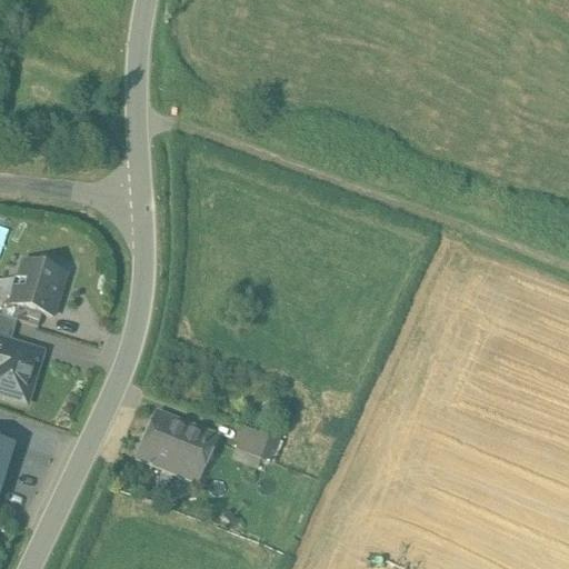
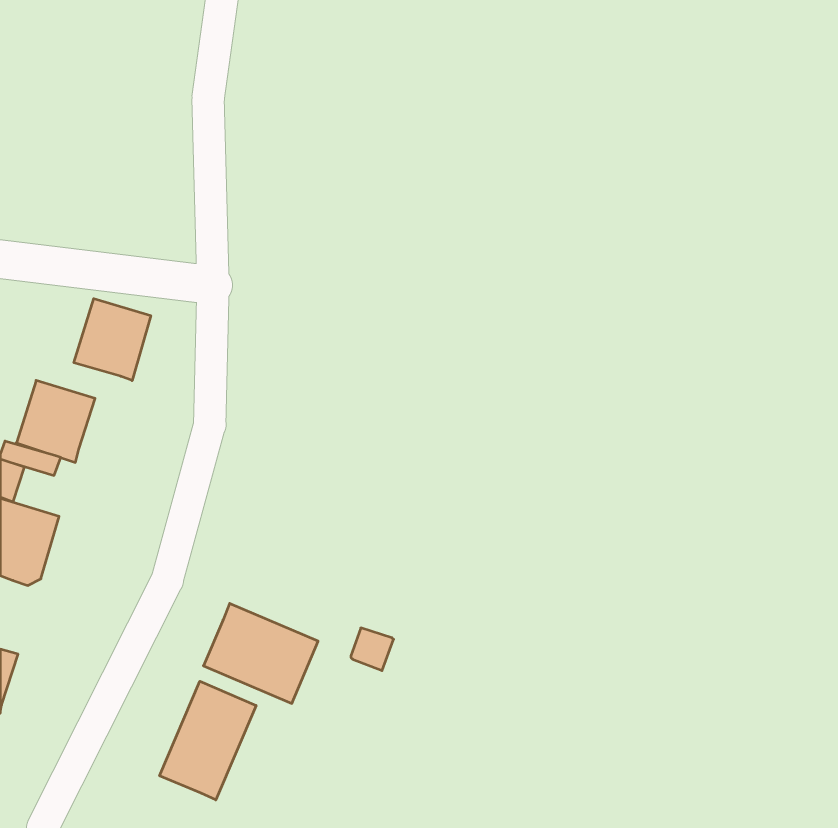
building: none -> [74,299,151,381]
building: none -> [160,681,256,800]

